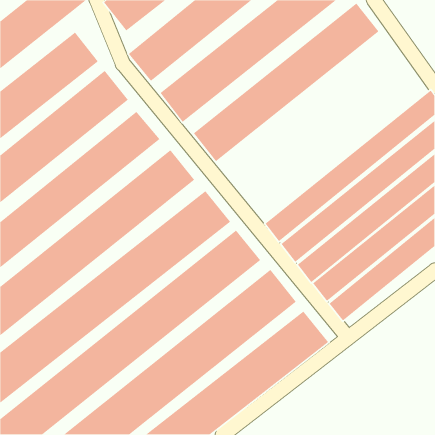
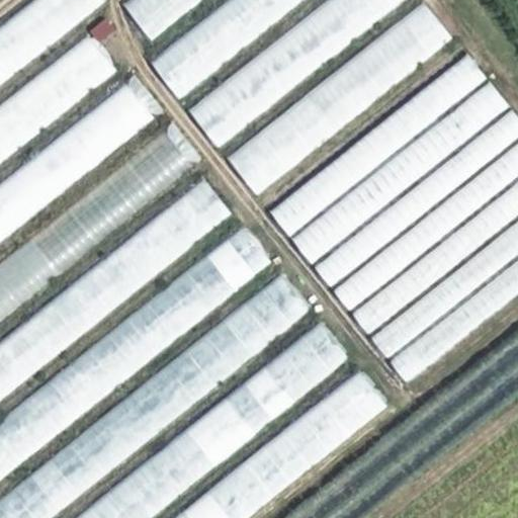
building: none -> [269,53,487,235]
building: none -> [291,81,509,263]

